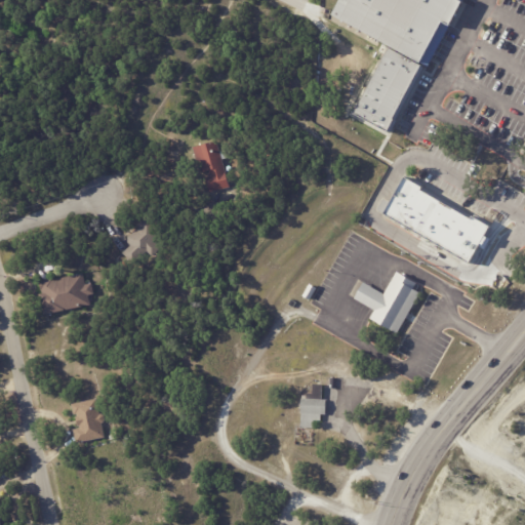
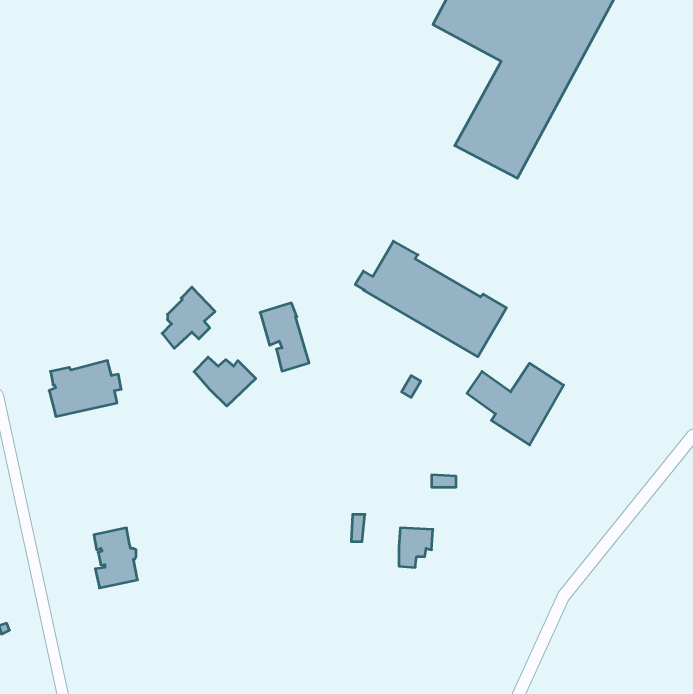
building: [192,140,229,192] -> [260,303,309,371]
building: [376,175,490,262] -> [355,241,506,357]
building: none -> [194,357,256,406]

